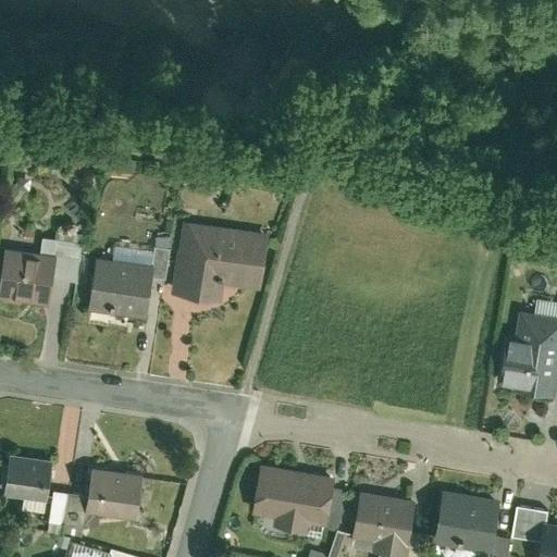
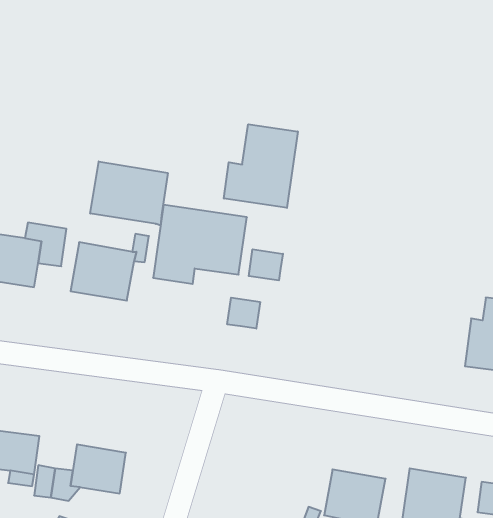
building: none -> [224,124,298,208]
building: none -> [90,161,168,225]
building: none -> [249,249,283,280]
building: none -> [227,298,260,329]
building: [250,468,334,536] -> none

